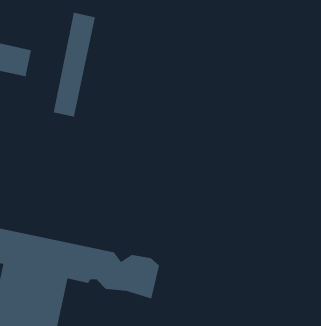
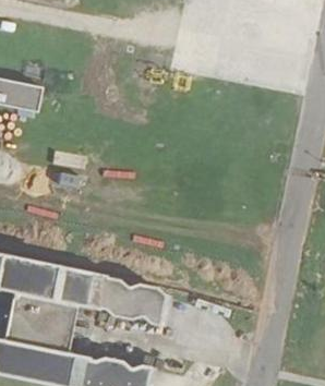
building: [53,12,96,117] -> none

